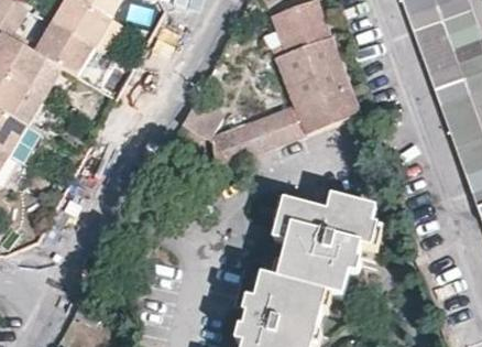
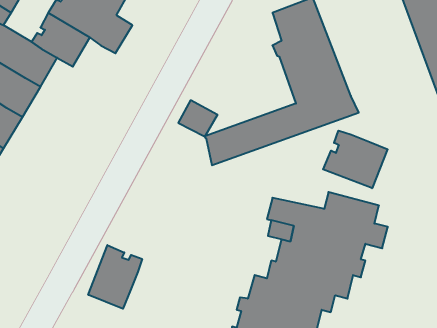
building: none -> [323,131,388,188]
building: none -> [88,245,142,309]

